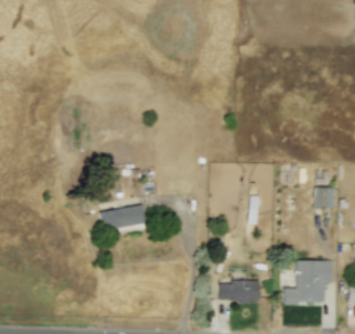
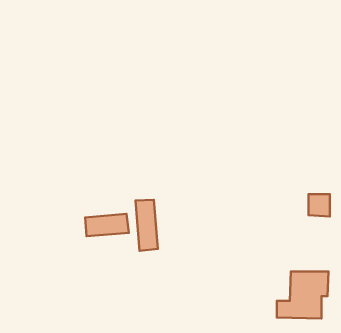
building: none -> [135,200,158,251]
building: [218,281,259,302] -> none

